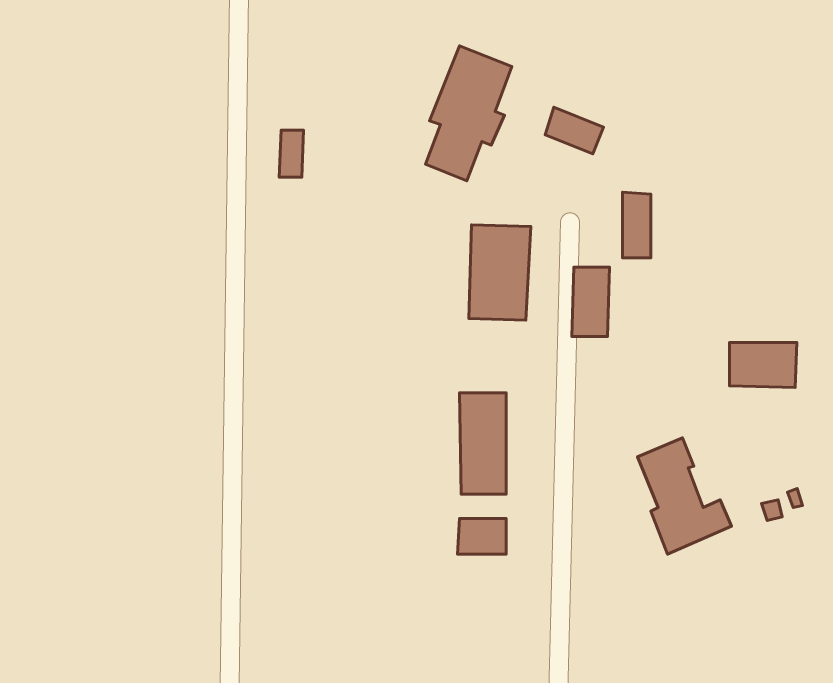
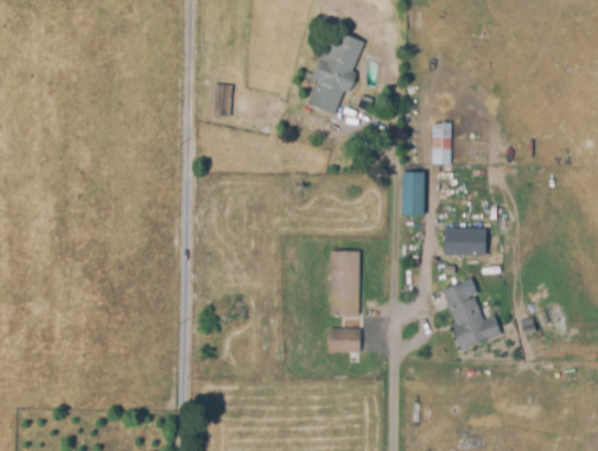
building: [545,107,604,154] -> none
building: [469,225,531,320] -> none
building: [729,343,797,388] -> [444,226,486,254]

